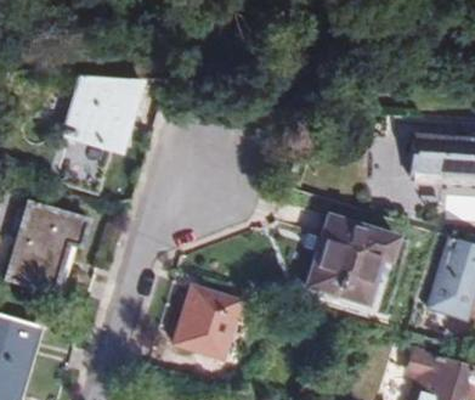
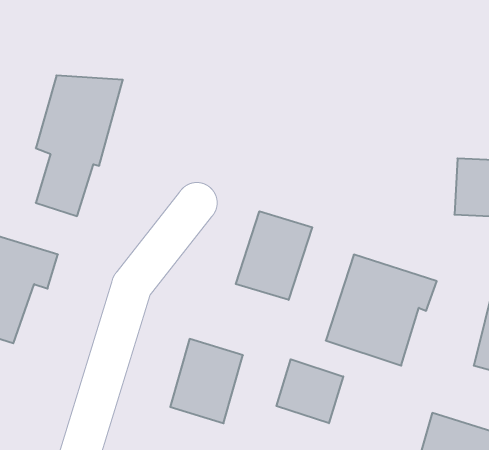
building: none -> [236,211,312,300]
building: none -> [276,359,343,423]

